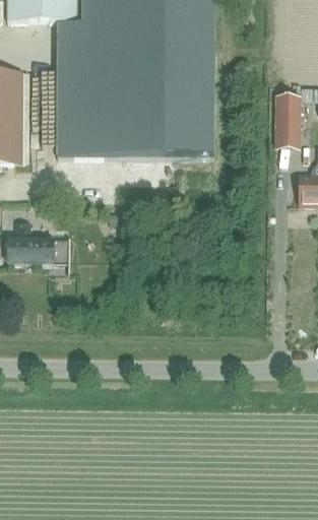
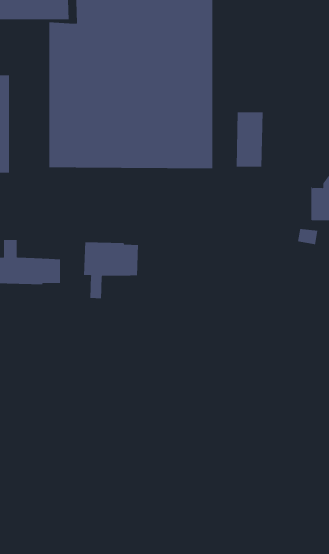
building: [275,95,301,146] -> [236,112,263,167]
building: none -> [83,242,139,299]

